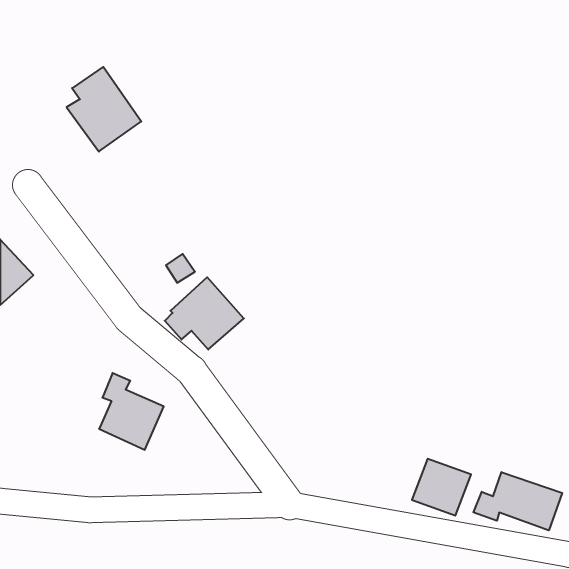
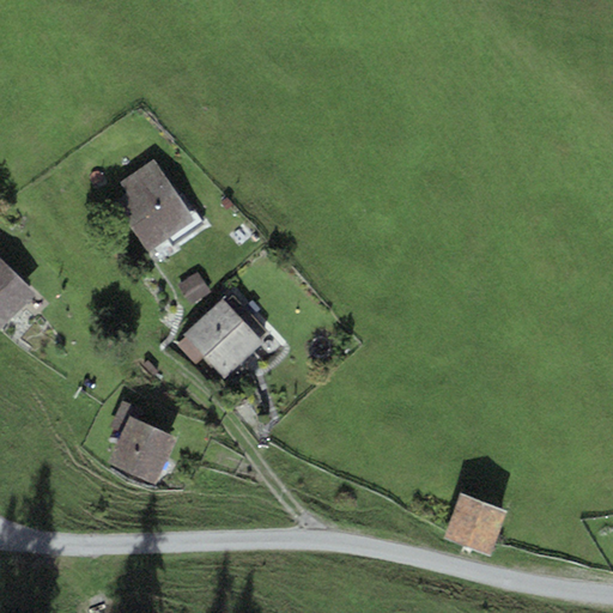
building: [67,67,141,152] -> [114,159,194,250]
building: [473,472,562,530] -> none

